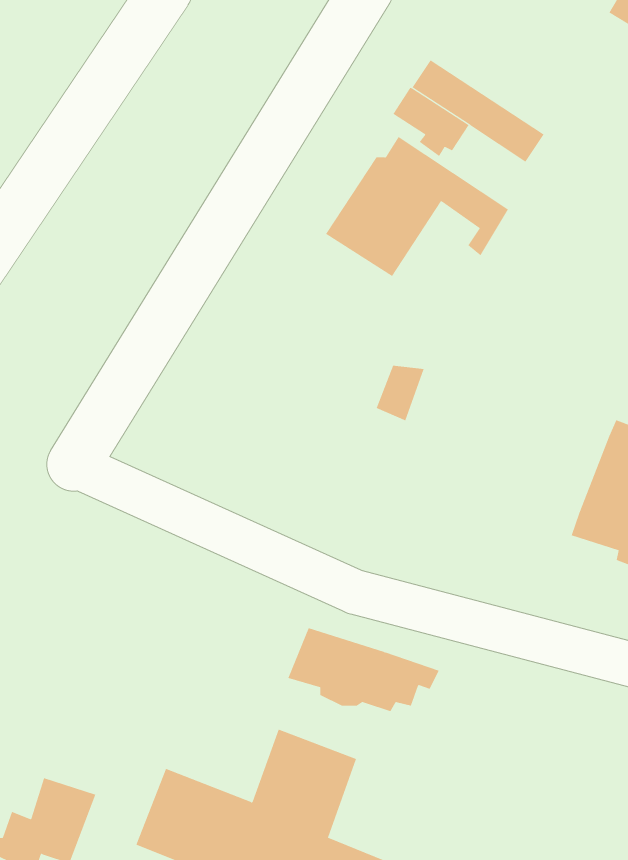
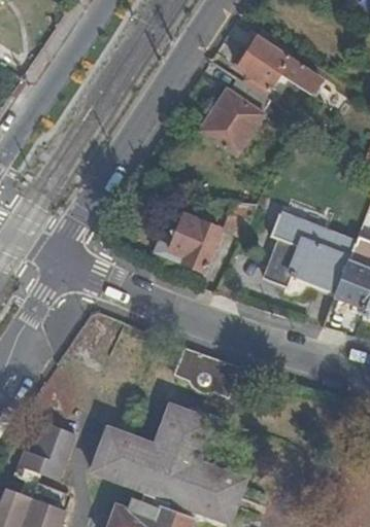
building: none -> [155,212,222,270]
building: none -> [266,214,354,285]

